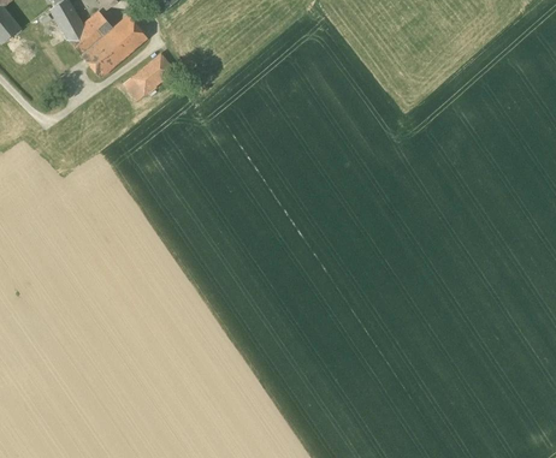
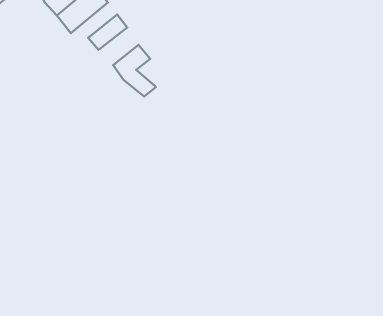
building: none -> [113,45,156,97]

